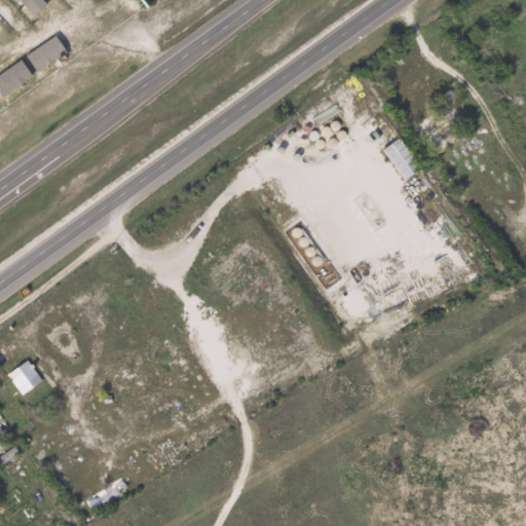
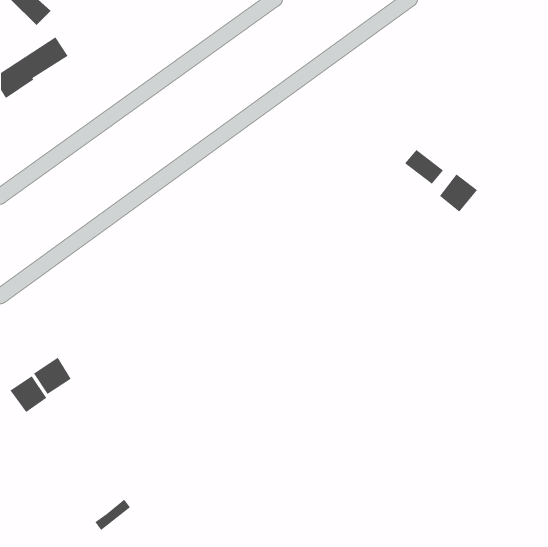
building: none -> [439,174,478,212]
building: none -> [33,357,72,395]

